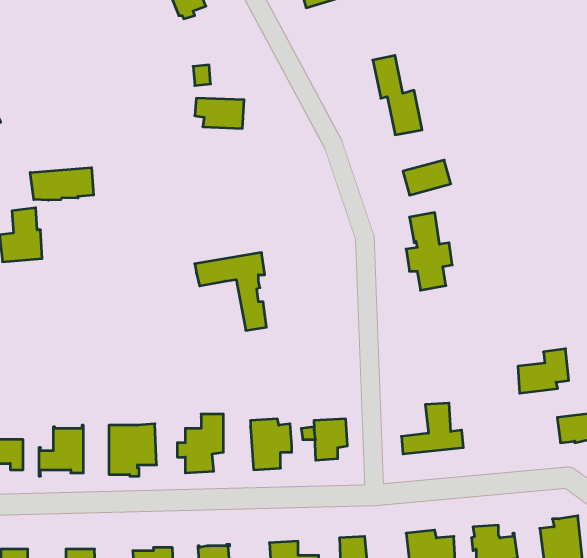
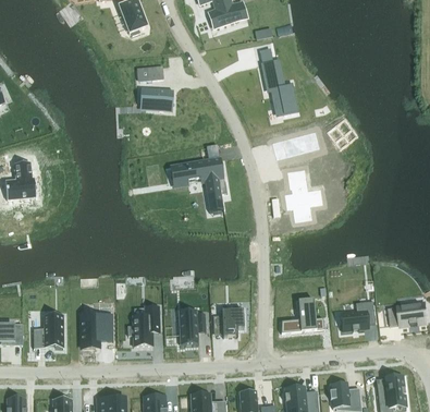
building: [30,168,94,200] -> none
building: [195,253,266,330] -> [174,158,223,211]
building: [518,349,569,393] -> [341,300,376,330]

